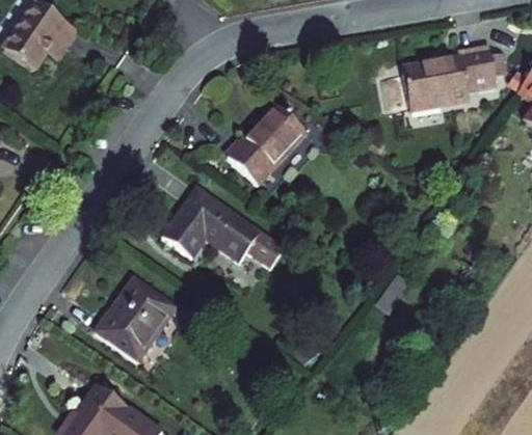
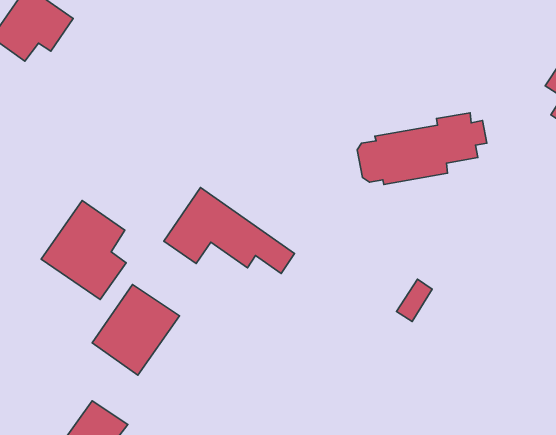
building: [384,45,505,111] -> [357,113,487,184]
building: [228,104,307,185] -> none
building: none -> [41,201,126,300]

